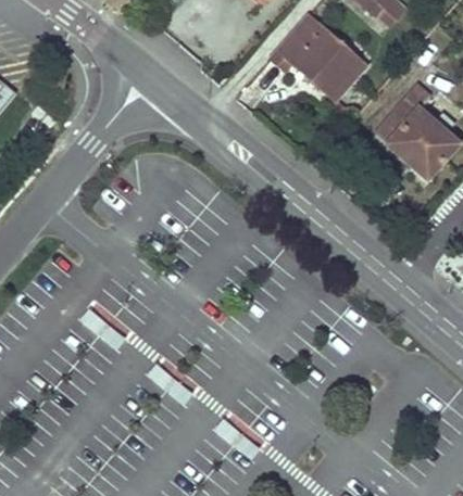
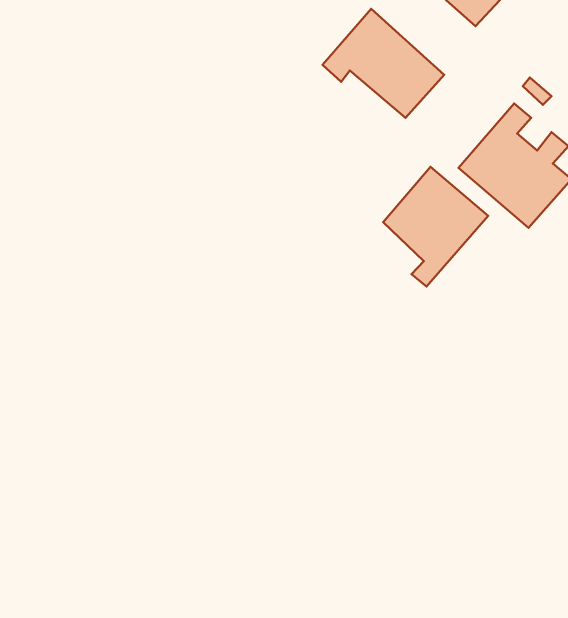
building: none -> [383,167,488,287]

